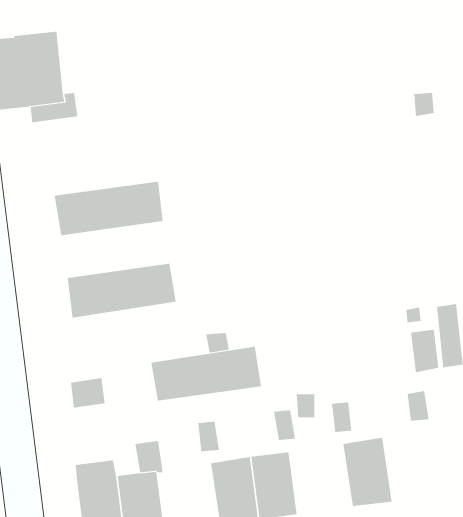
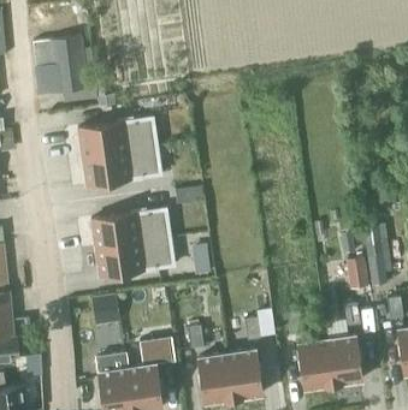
building: none -> [77,117,159,158]
building: [151,346,262,401] -> [94,237,177,278]
building: none -> [326,333,363,386]

